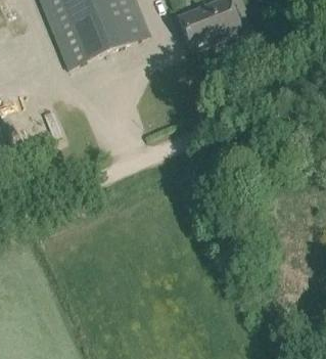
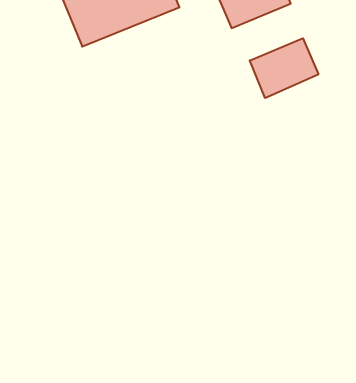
building: none -> [250,38,318,98]

